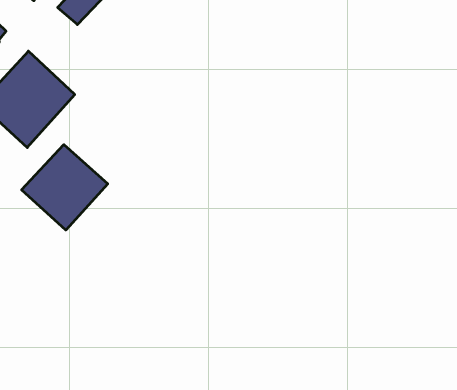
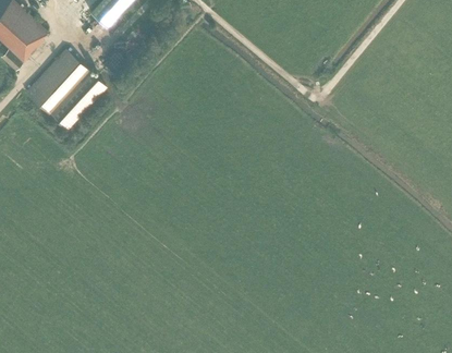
building: [22,145,108,230] -> none

